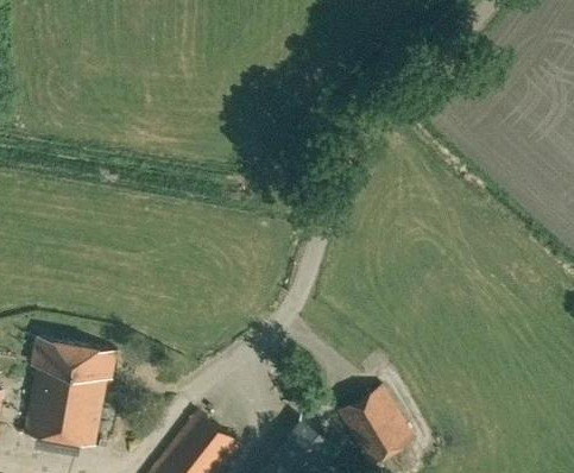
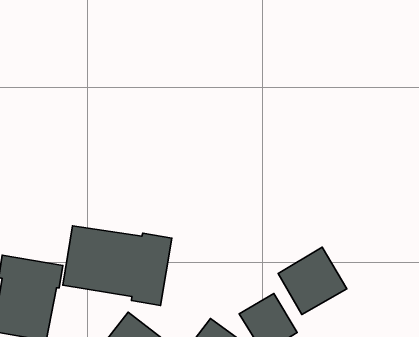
building: none -> [63,226,172,306]
building: none -> [278,247,347,314]

